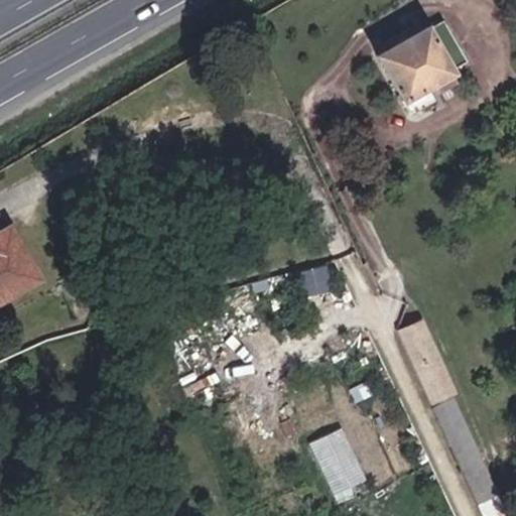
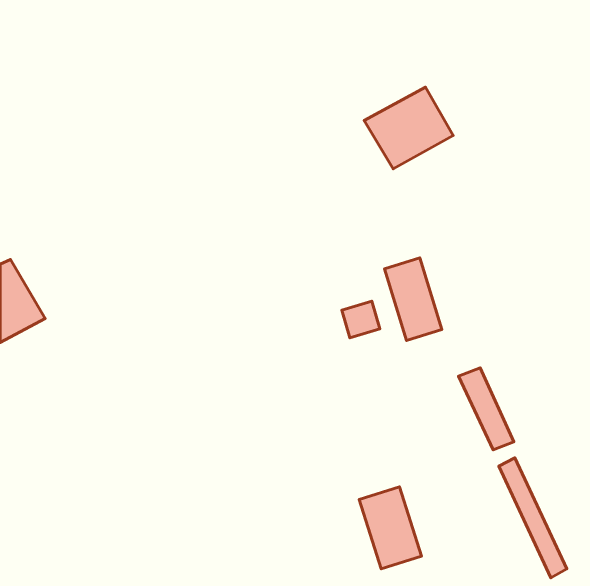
building: [376,24,454,96] -> [364,87,453,169]
building: none -> [385,258,442,340]

